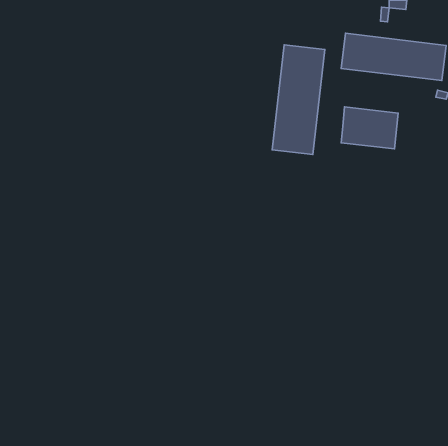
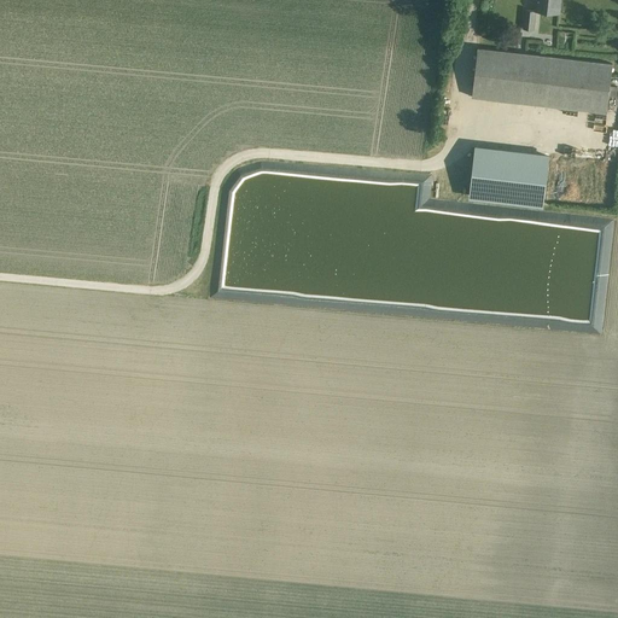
building: [272,45,325,154] -> none

